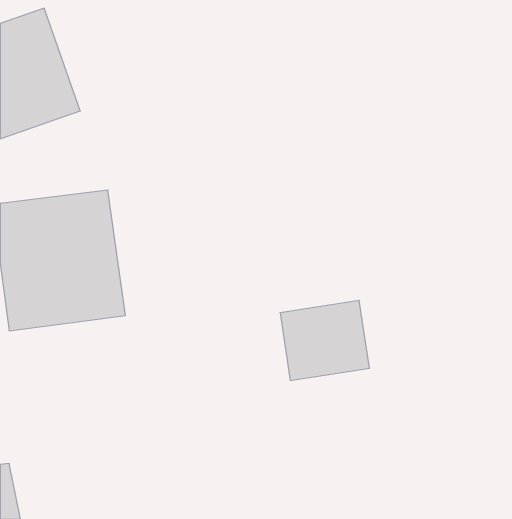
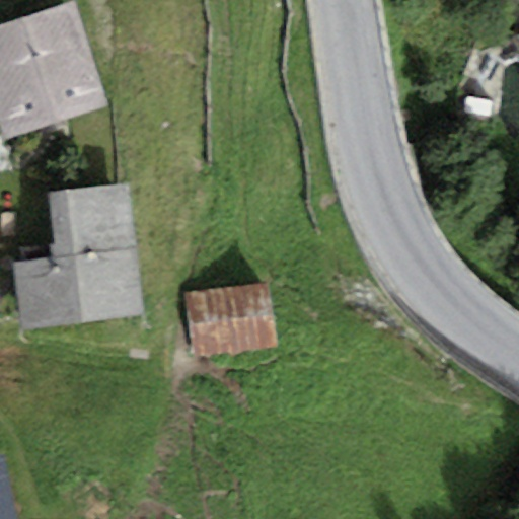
building: [280,300,369,381] -> [195,279,283,358]

